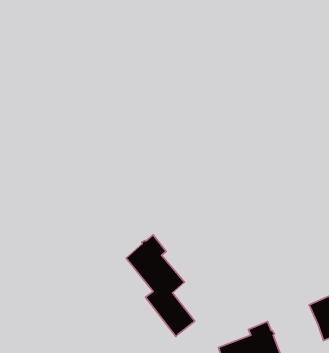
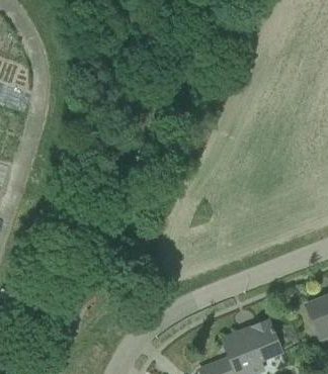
building: [126,235,195,336] -> none

